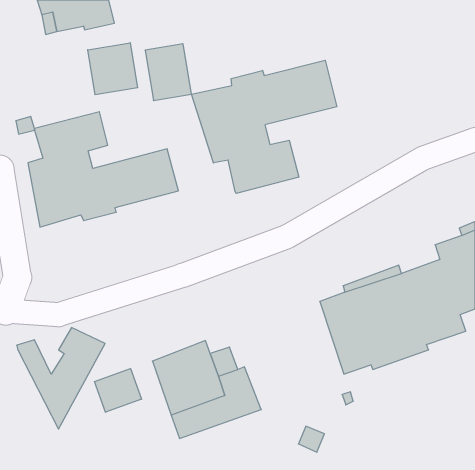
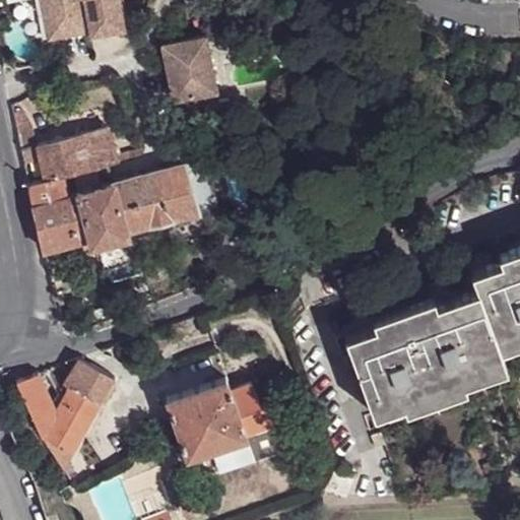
building: [88,43,138,95] -> none
building: [191,60,337,193] -> none
building: [95,369,142,412] -> none

